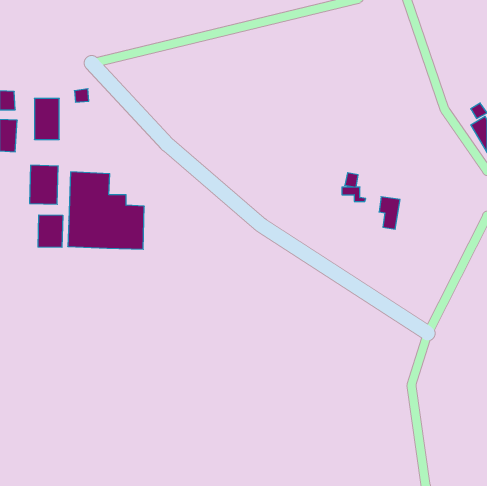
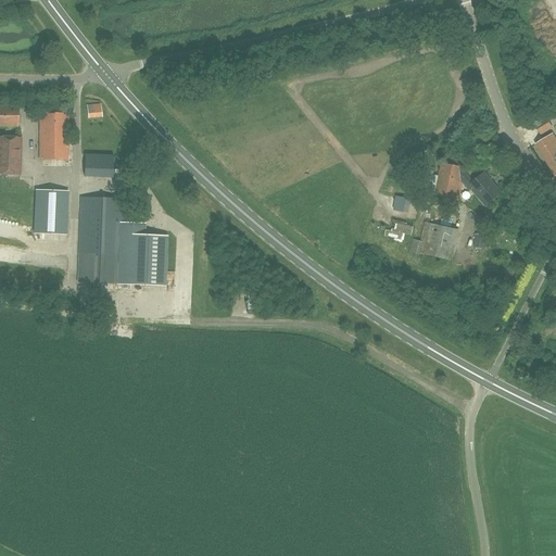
building: none -> [84,152,113,175]
building: none -> [433,161,500,204]
building: [38,215,63,247] -> none

